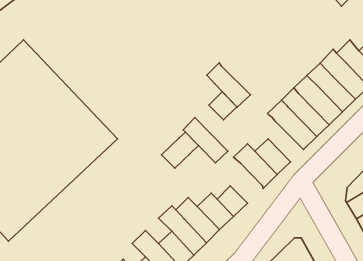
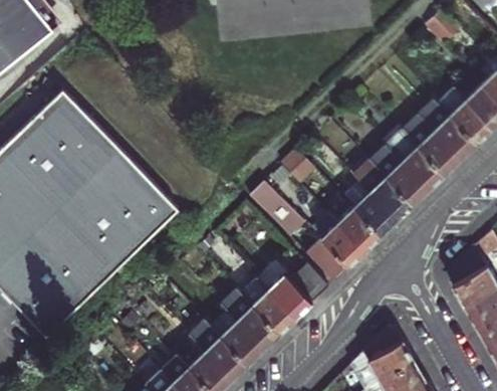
building: [207,63,251,107] -> [345,182,399,236]
building: [162,132,198,168] -> none
building: none -> [307,238,348,280]

